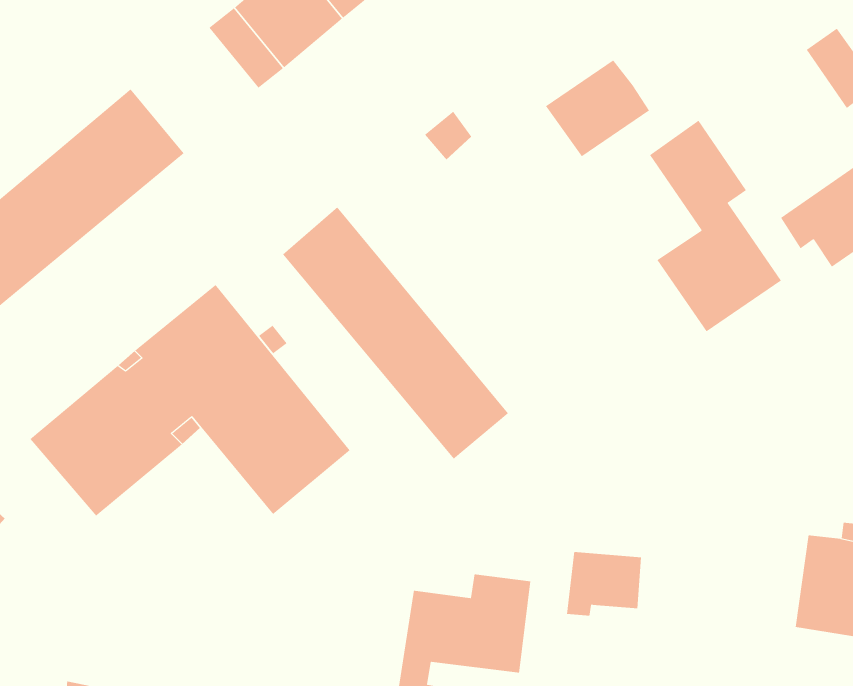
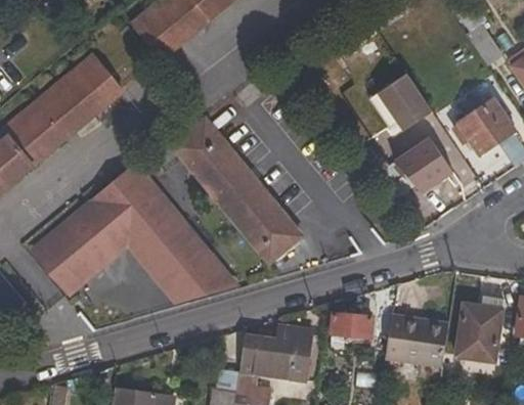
building: [545,59,650,157] -> none
building: none -> [169,257,233,305]
building: none -> [389,315,449,367]

